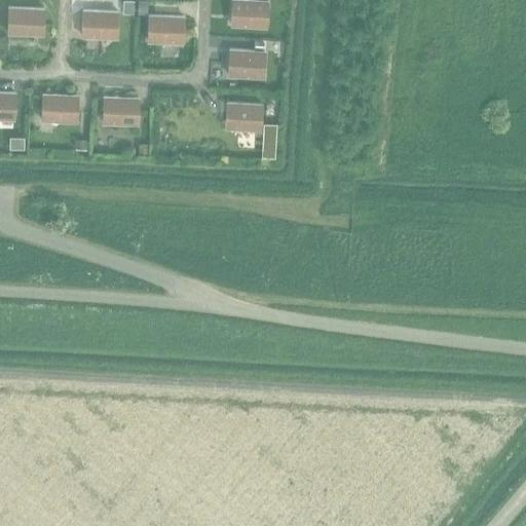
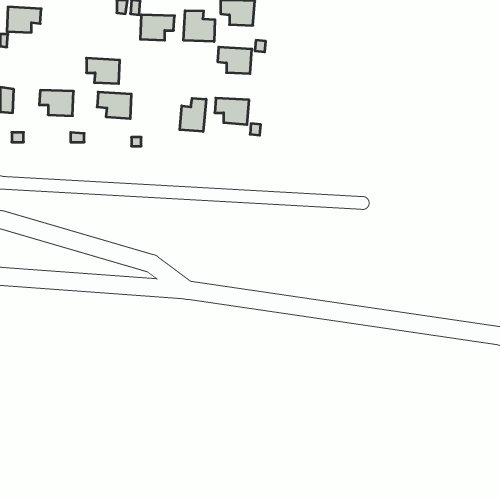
building: [83,11,118,38] -> [86,58,120,84]
building: none -> [184,11,215,42]
building: none -> [180,98,206,132]

